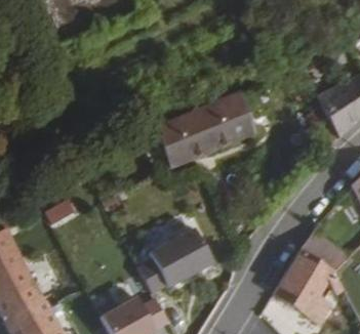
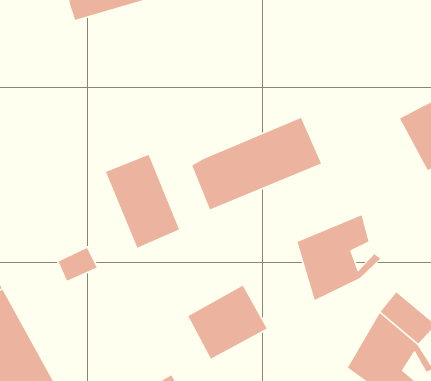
building: none -> [105,154,180,249]
building: none -> [297,214,381,301]

